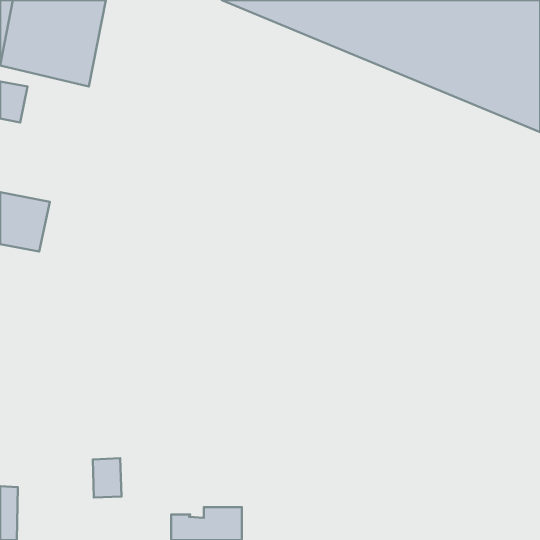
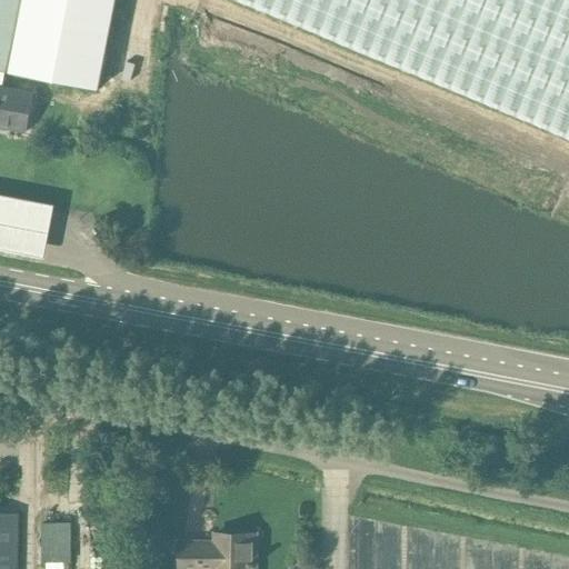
building: [93,458,121,497] -> [44,521,74,562]

